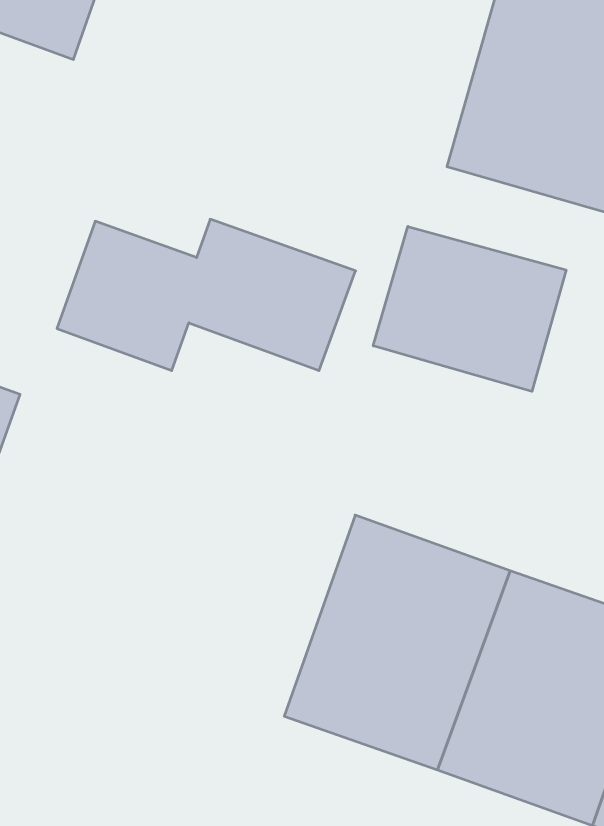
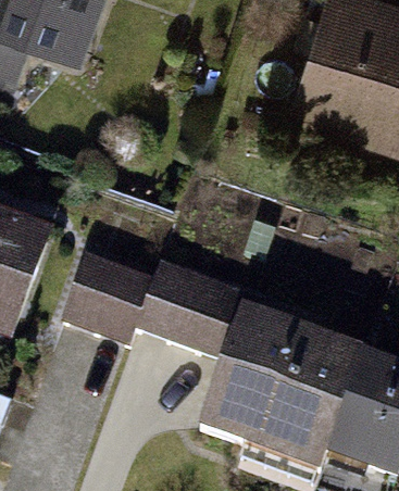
building: [57,219,356,371] -> [57,257,226,343]
building: [373,226,566,391] -> none

